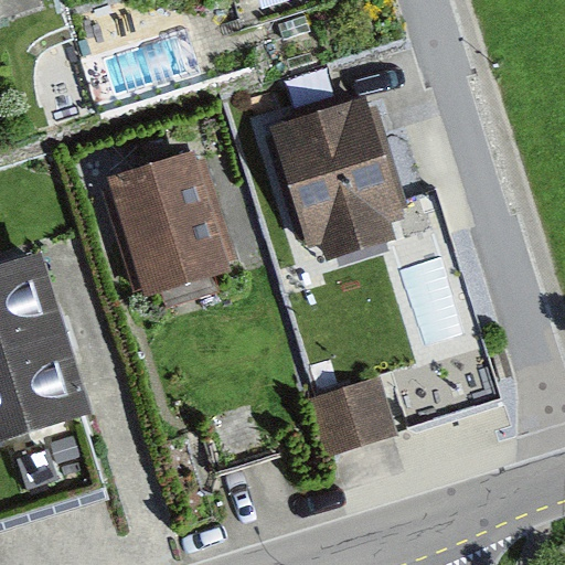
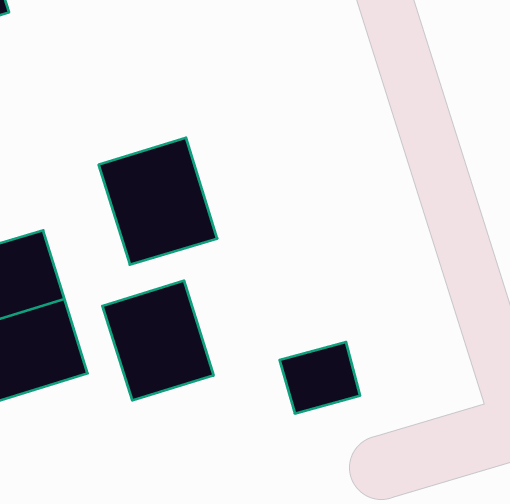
building: [265,95,399,262] -> none
building: none -> [102,281,213,400]

